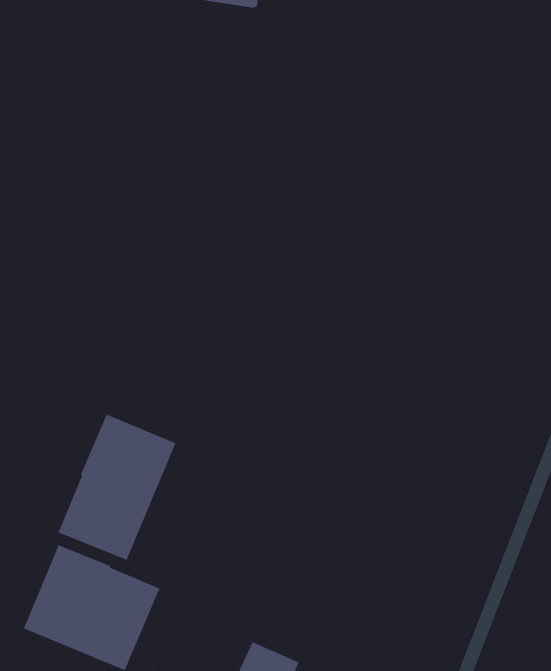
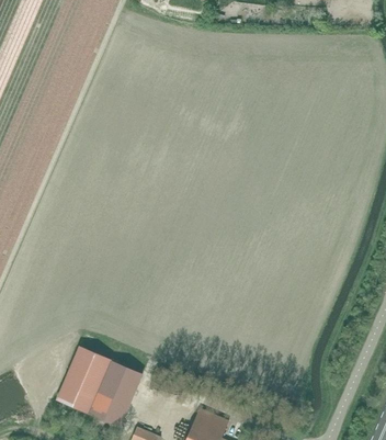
building: [58,414,177,561] -> none

